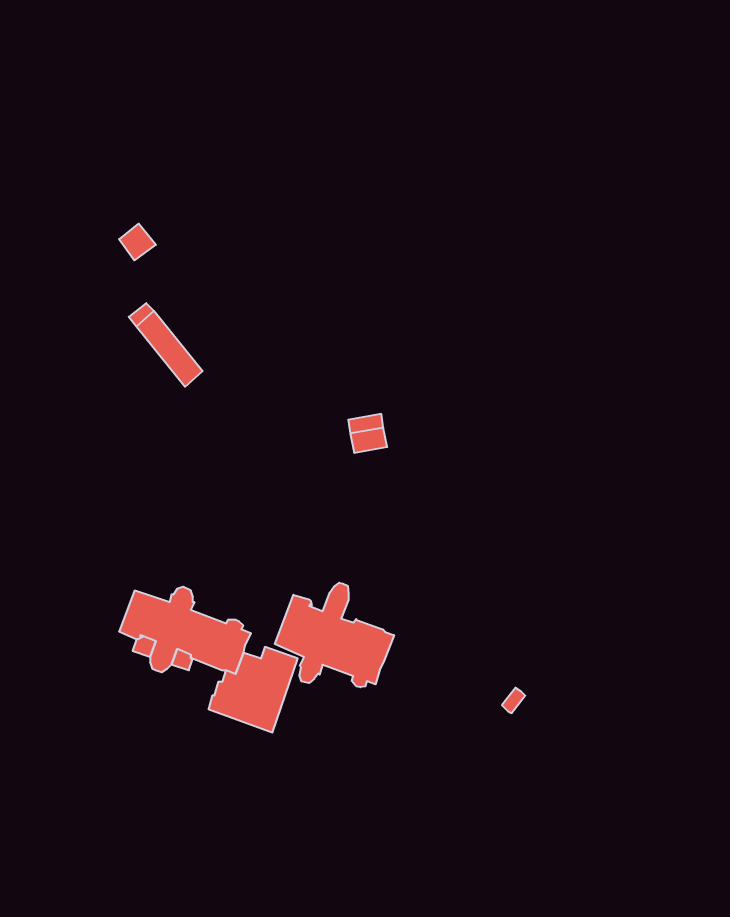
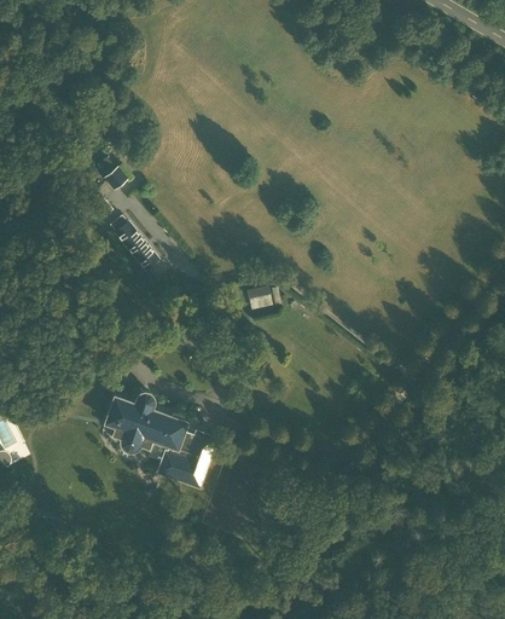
building: [275,583,394,687] -> none

